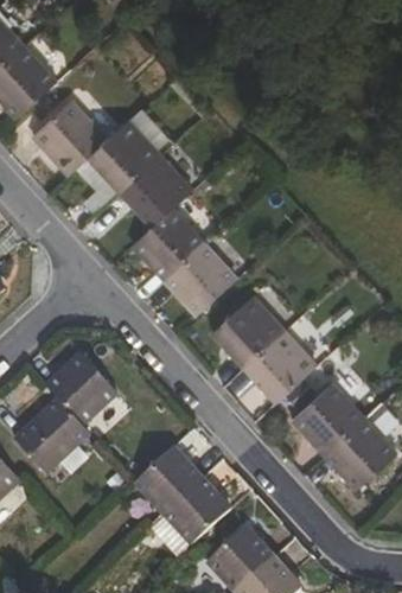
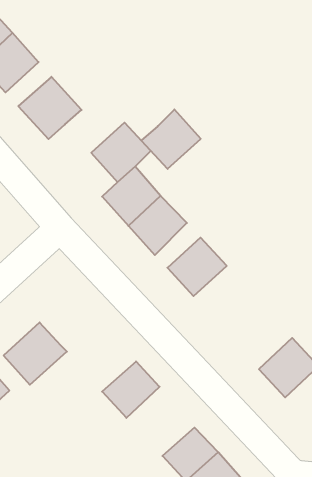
building: [88,119,160,191] -> [141,109,201,169]
building: [244,329,317,400] -> none
building: [45,351,117,426] -> none
building: [293,382,364,454] -> none
building: [162,476,230,543] -> none

